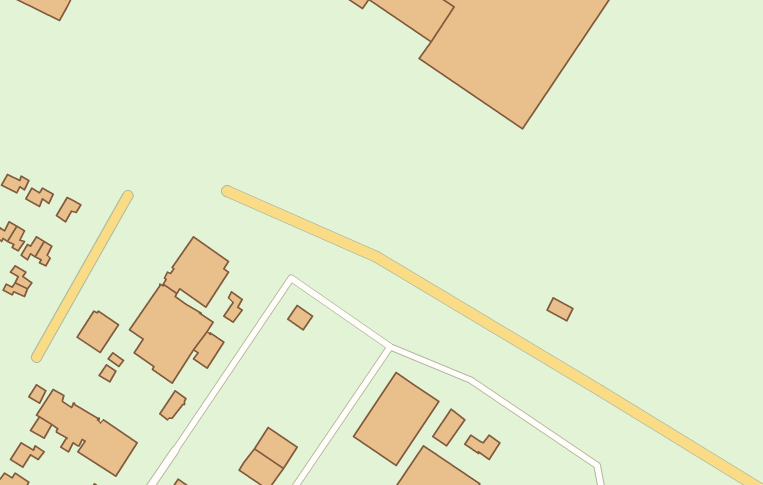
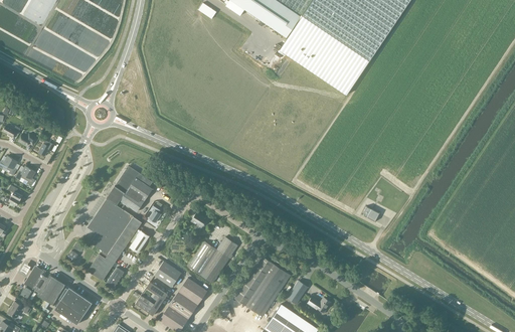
building: [77,311,118,352] -> [88,254,115,281]
building: none -> [187,236,238,283]
building: none -> [154,261,181,287]
building: none -> [178,278,207,305]
building: none -> [135,282,167,315]

